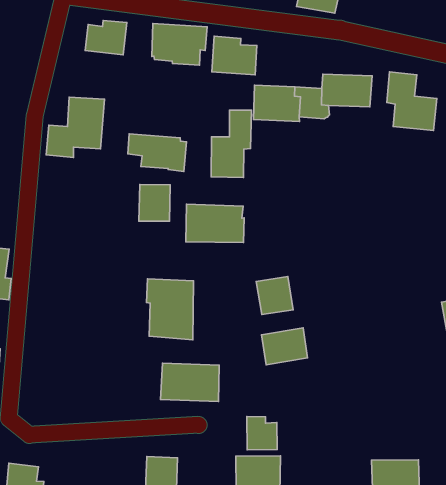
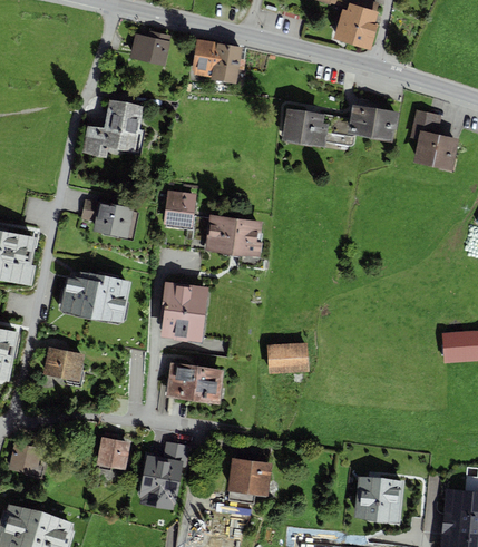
building: [212,36,257,75] -> none
building: [211,110,252,178] -> none
building: [128,134,186,171] -> [81,199,138,241]
building: [256,277,293,315] -> none
building: none -> [58,270,133,325]
building: none -> [42,346,85,382]
building: [247,417,277,450] -> none
building: none -> [97,437,130,469]

